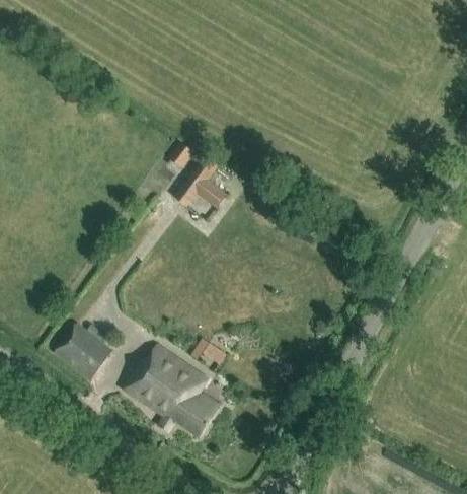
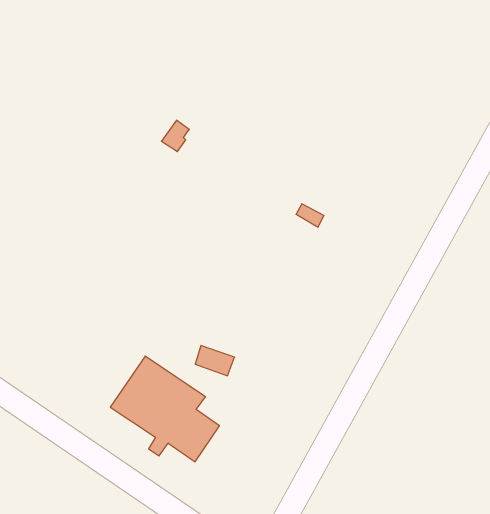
building: [174,170,225,205] -> none
building: [53,322,112,380] -> none

